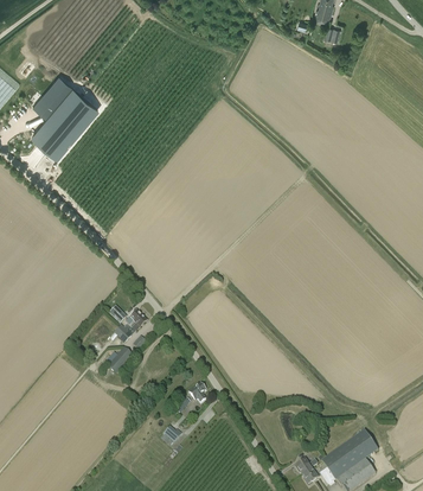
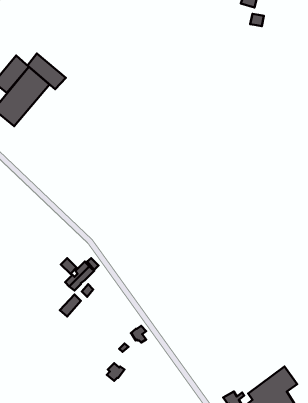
building: none -> [27,53,66,89]

